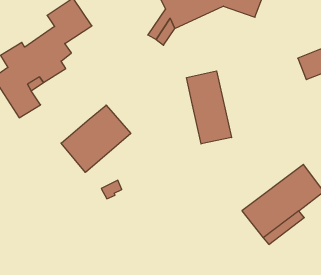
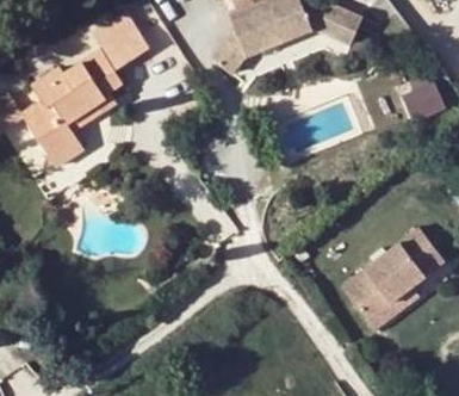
building: [187,71,232,144] -> none
building: [61,105,131,172] -> none

